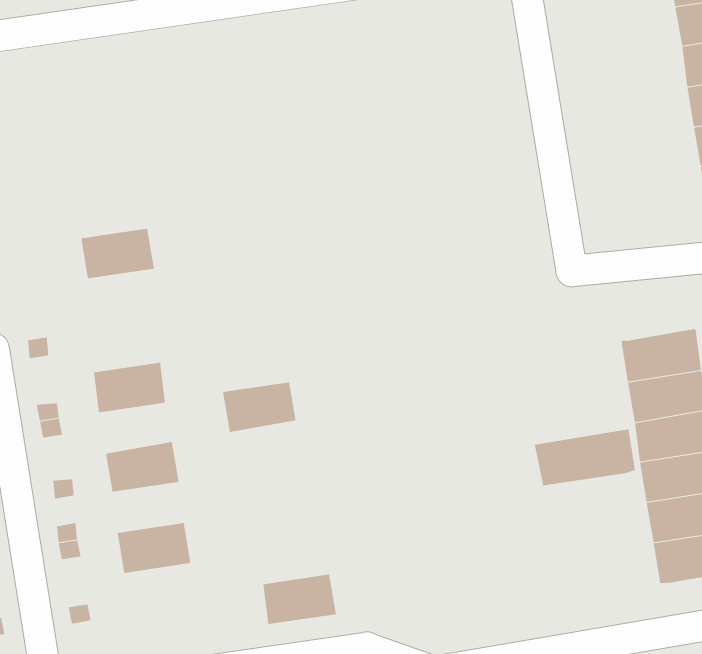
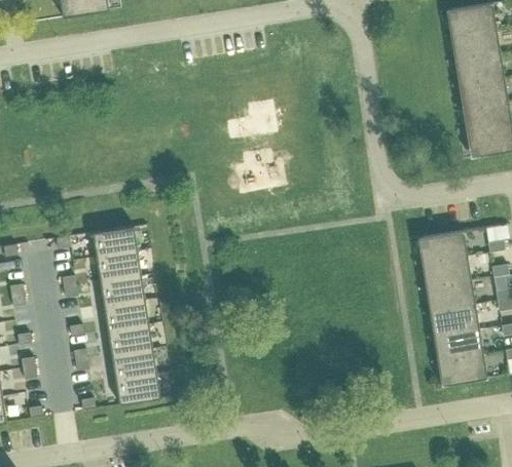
building: [80,228,155,279] -> [94,227,139,258]
building: [222,382,297,432] -> [101,276,146,307]
building: [534,428,636,487] -> none
building: none -> [109,324,153,355]
building: [262,574,337,625] -> [116,374,161,404]

